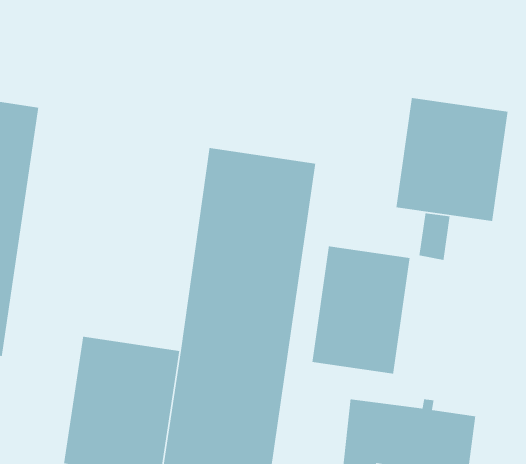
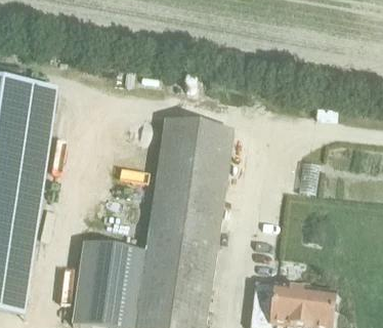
building: [395,97,509,222] -> none
building: [311,246,411,374] -> none

